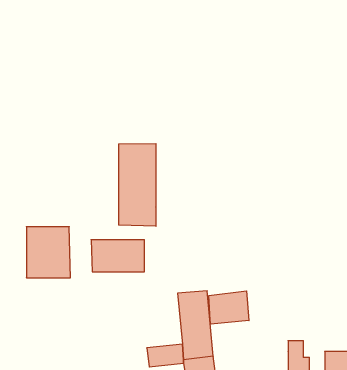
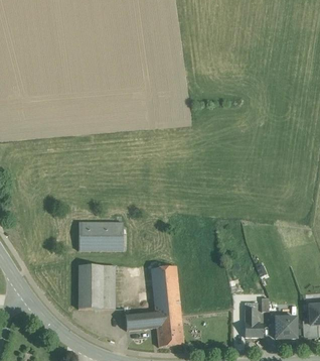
building: [119,144,156,226] -> none
building: [26,227,70,278] -> [78,264,116,308]
building: [209,291,249,324] -> none

